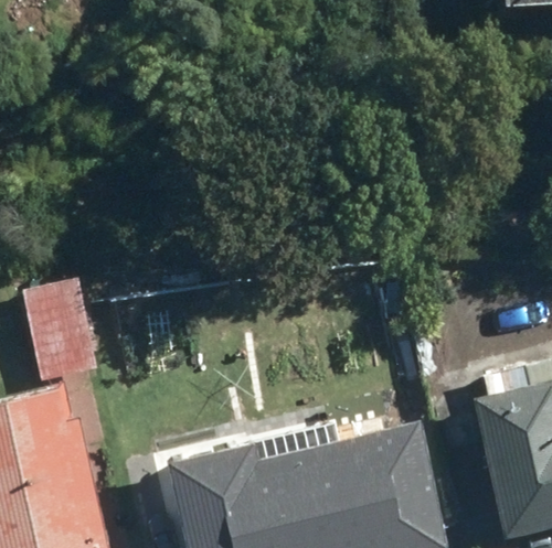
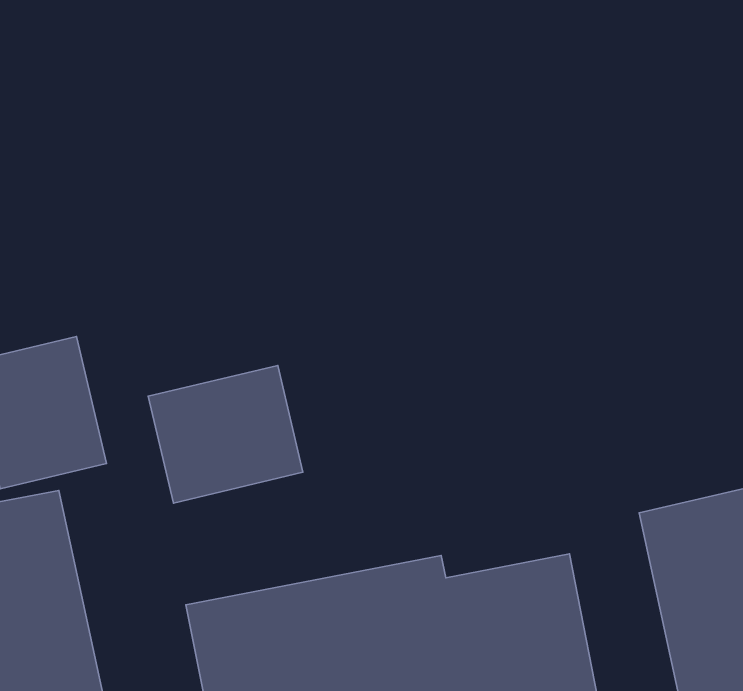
building: none -> [148,365,303,503]

